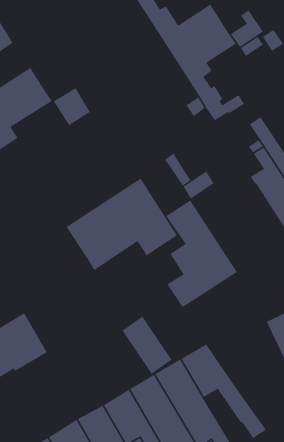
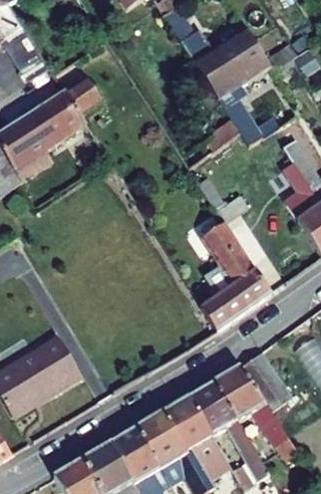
building: [53,87,91,126] -> [64,75,102,114]
building: [65,178,178,271] -> none
building: [121,316,173,375] -> [240,350,291,410]

